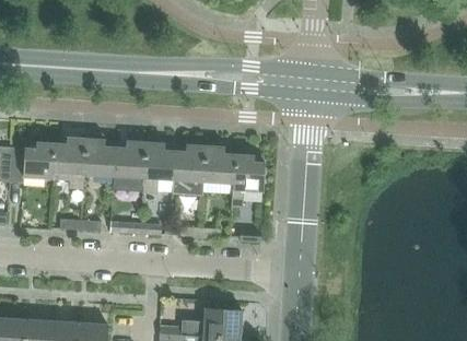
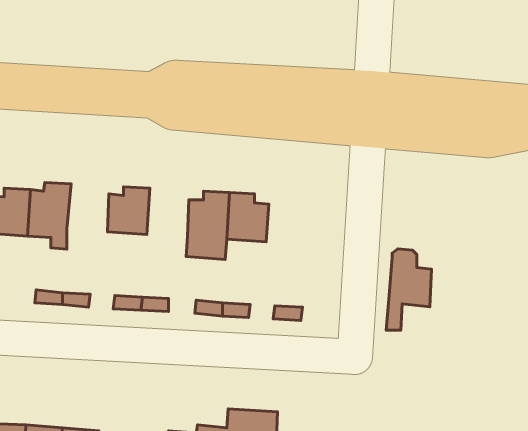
building: [83,133,115,176] -> none
building: [142,143,175,195] -> none
building: [231,149,265,210] -> [386,249,431,330]

